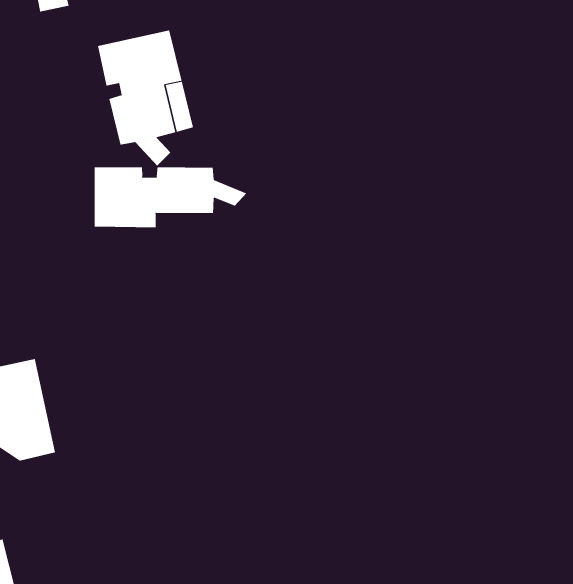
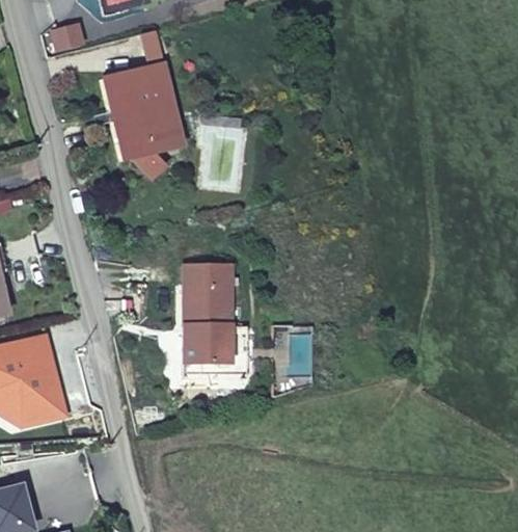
building: [94,166,247,228] -> none
building: none -> [184,265,230,364]

